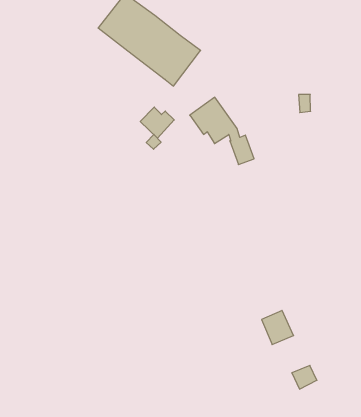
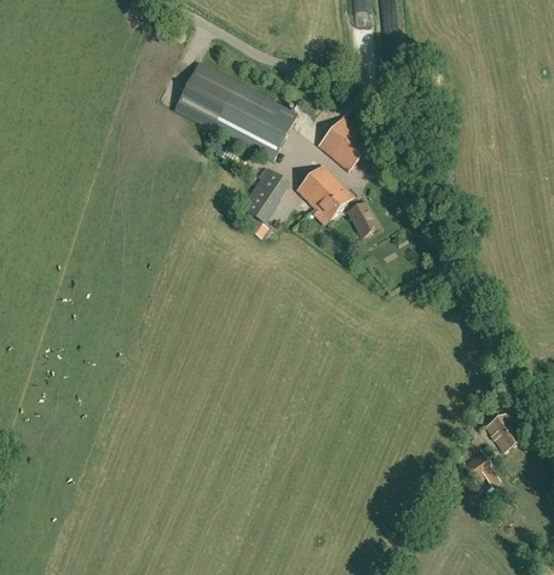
building: none -> [318,115,373,169]
building: none -> [254,167,290,197]
building: [262,310,294,345] -> [485,410,525,451]

